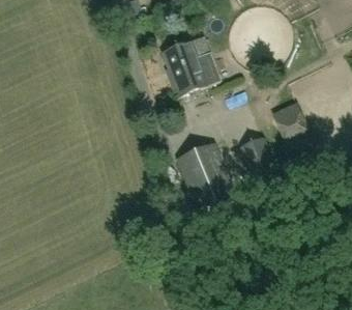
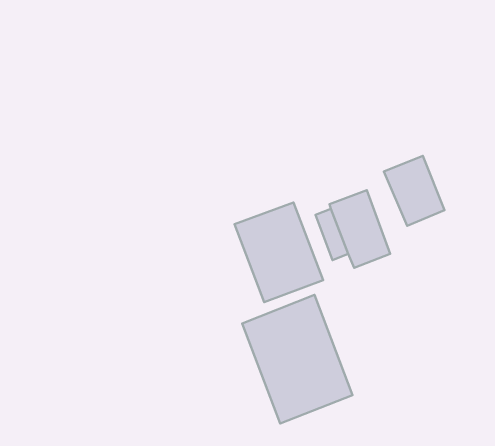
building: [164,38,208,93] -> none
building: none -> [242,295,353,424]

